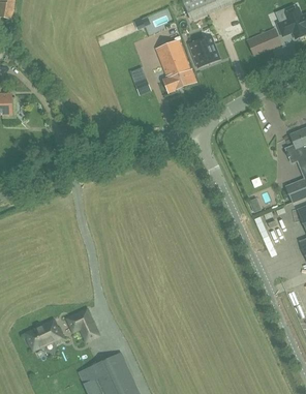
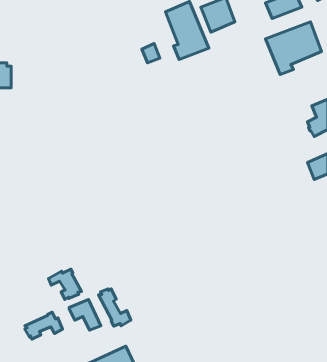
building: none -> [266,22,322,75]
building: none -> [49,269,82,299]
building: none -> [99,289,131,326]

